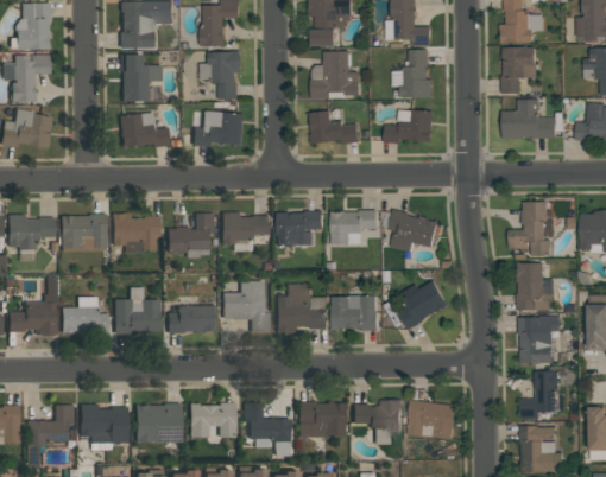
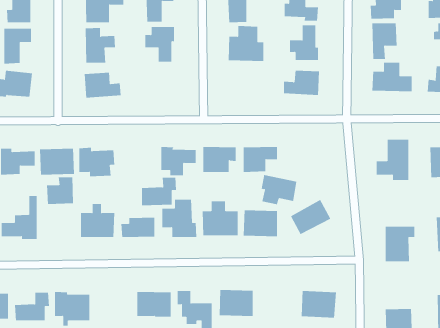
building: [194,112,244,146] -> none
building: [310,112,360,145] -> none
building: [390,211,438,252] -> [261,174,297,205]
building: [168,214,215,252] -> [141,177,177,206]
building: [517,263,555,311] -> none
building: [62,297,99,333] -> [46,177,74,205]
building: [520,371,566,415] -> none
building: [354,400,402,445] -> none
building: [135,403,183,443] -> none

